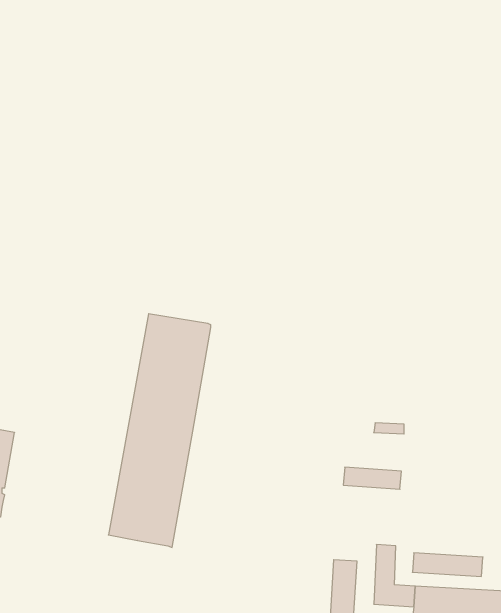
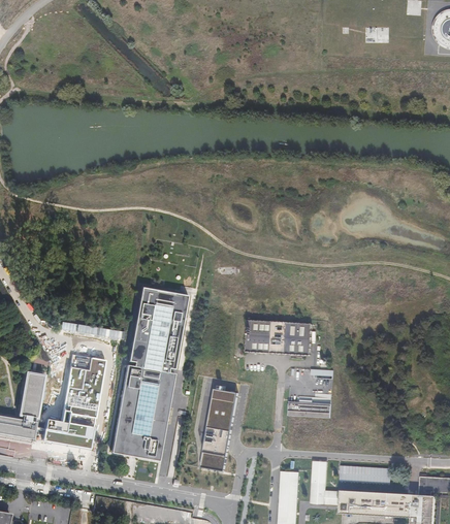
building: none -> [245,322,312,357]
building: none -> [42,354,104,448]
building: none -> [200,389,237,471]

